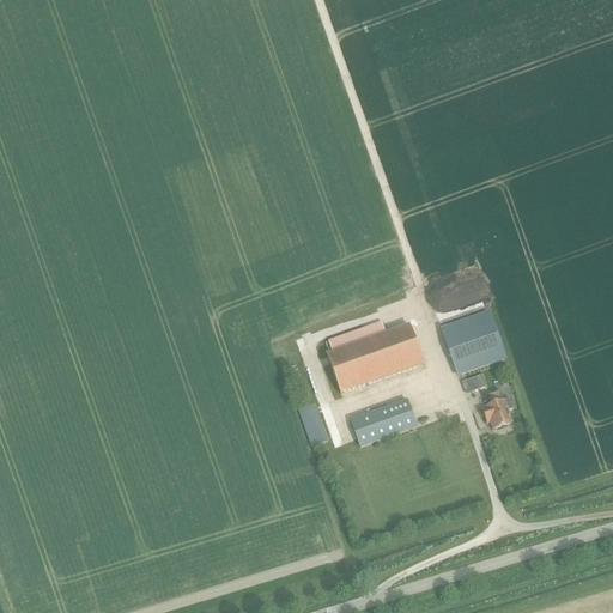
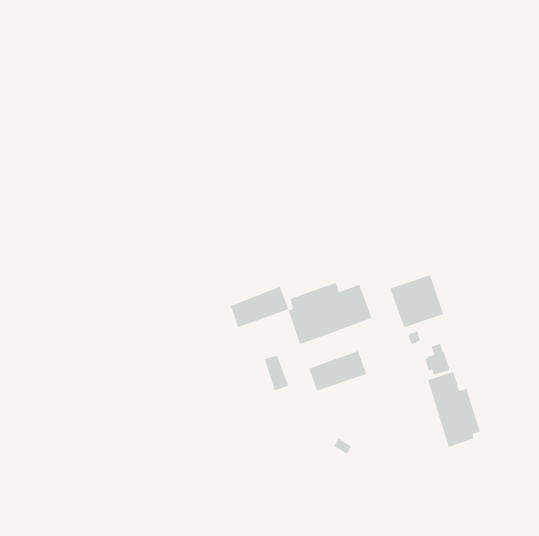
building: none -> [230,286,289,328]
building: none -> [427,371,481,448]

